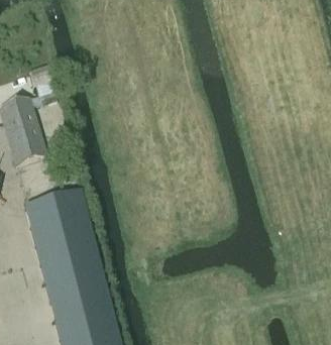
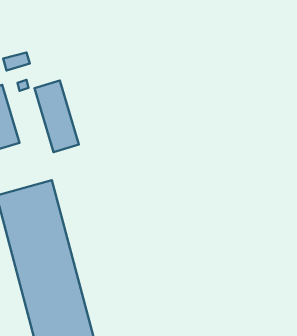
building: none -> [34,81,79,152]

